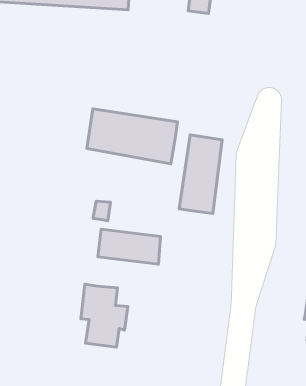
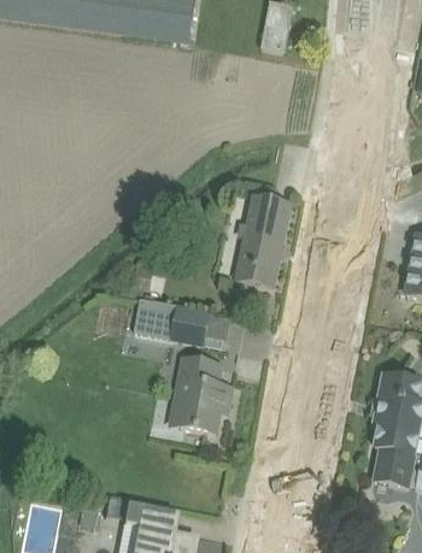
building: [87,109,178,164] -> none
building: [81,284,128,347] -> [175,357,231,434]

